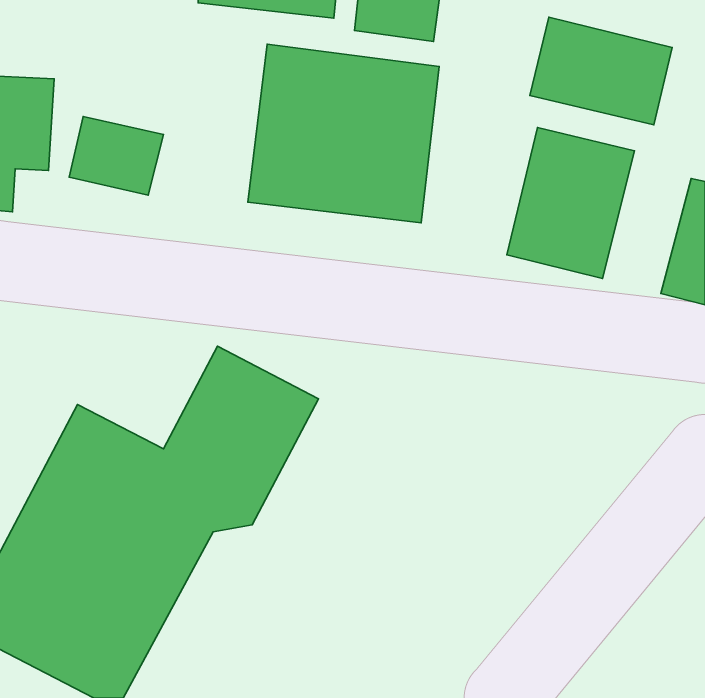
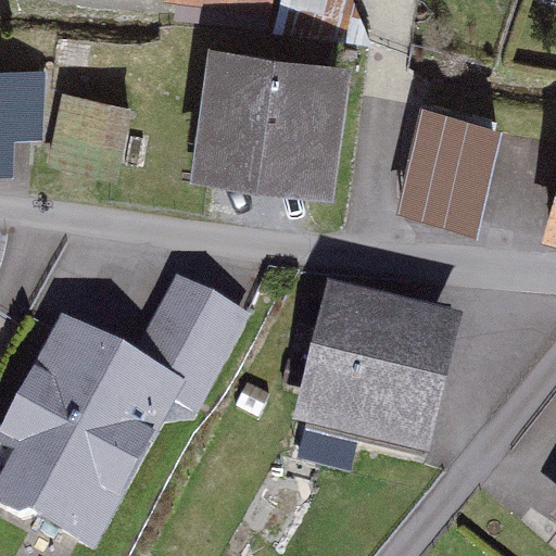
building: [530,17,672,125] -> none
building: none -> [294,292,457,456]

